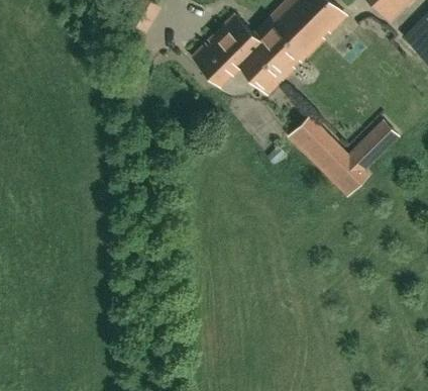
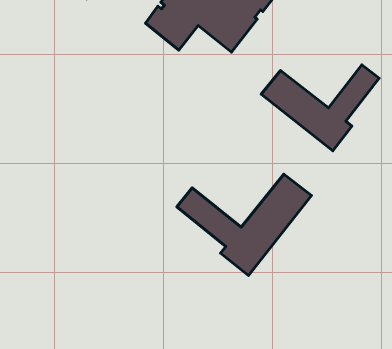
building: none -> [177,174,312,276]

